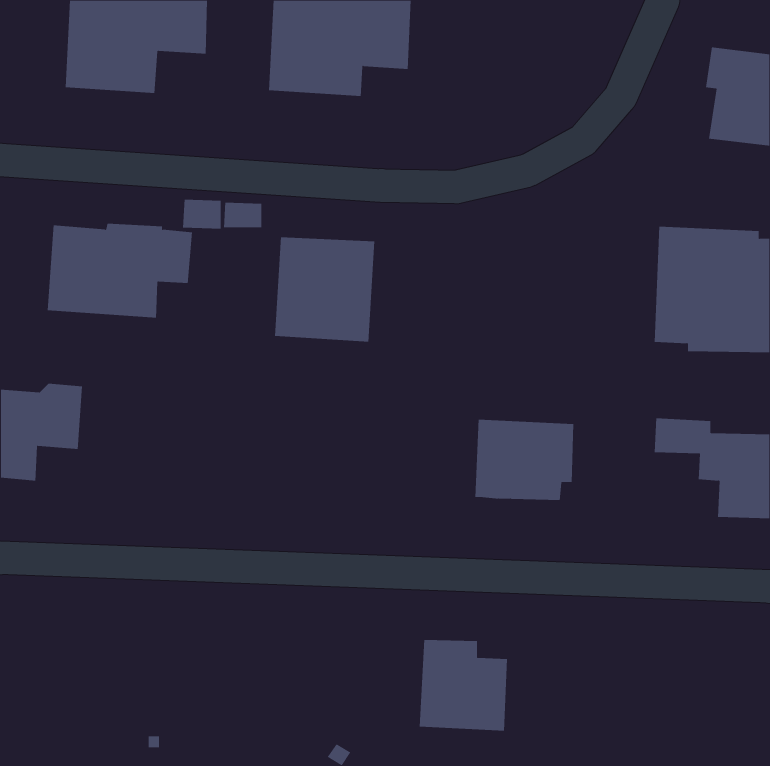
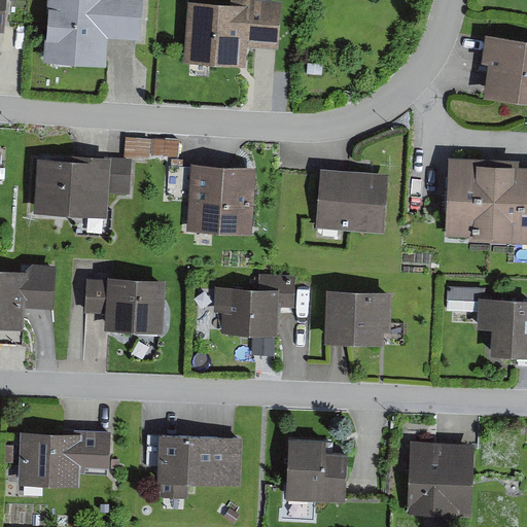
building: none -> [316,170,389,236]
building: none -> [84,276,167,335]
building: none -> [214,276,295,337]
building: none -> [19,430,111,488]
building: none -> [146,434,243,501]
building: none -> [407,442,475,518]

